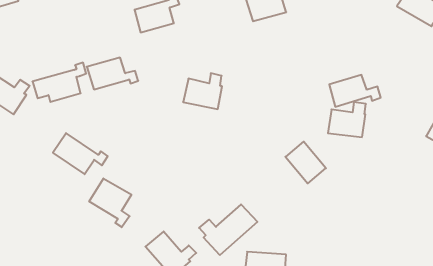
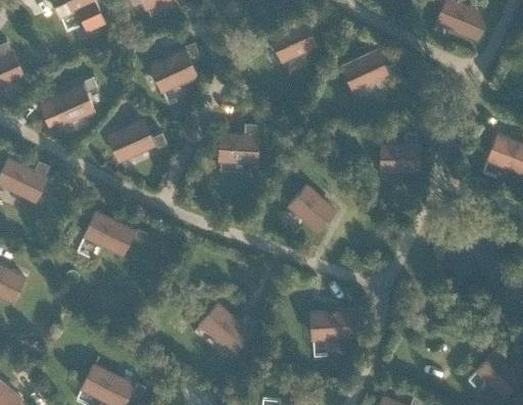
building: [32,63,86,102] -> [39,78,96,126]
building: [329,75,381,107] -> [342,53,400,92]
building: [285,142,326,183] -> [288,187,334,232]
building: [89,178,131,227] -> none
building: [199,204,257,255] -> none

